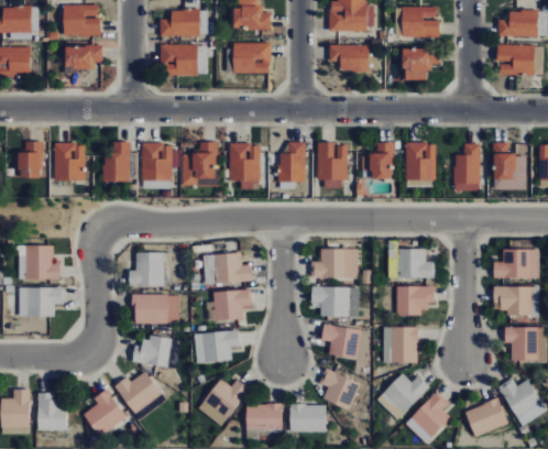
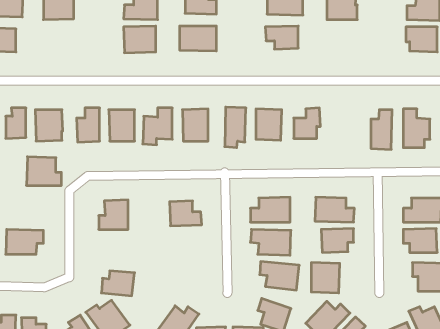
building: [65,45,102,69] -> none
building: [404,48,439,80] -> none
building: [407,143,437,180] -> none
building: [19,245,61,280] -> [26,157,61,185]
building: [208,291,252,321] -> none
building: [133,295,180,324] -> none
building: [195,329,240,364] -> none

